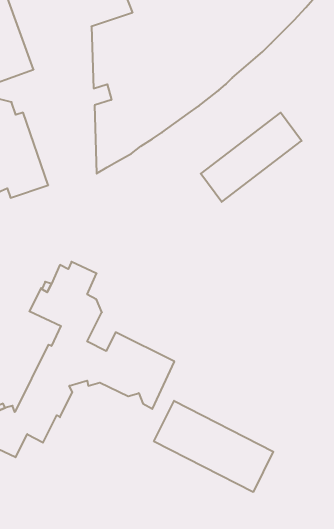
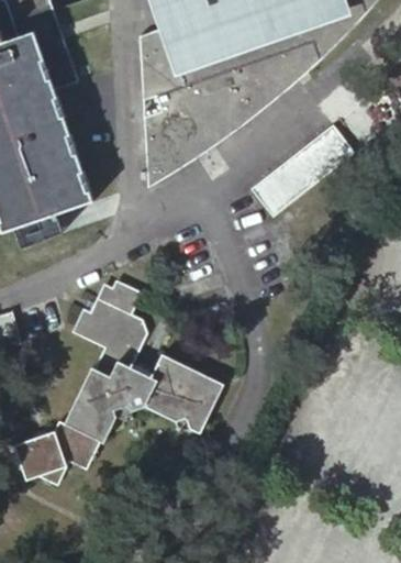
building: [154,401,273,492] -> none

